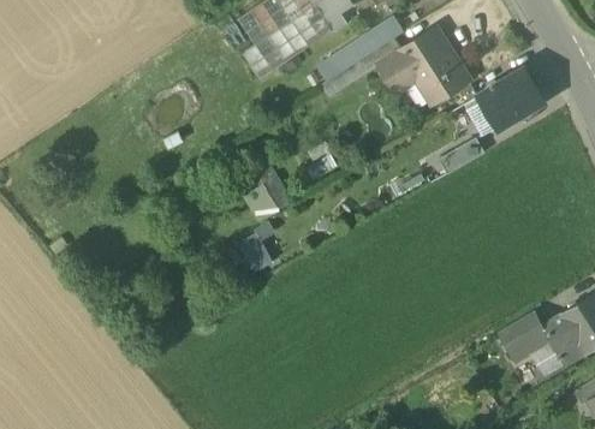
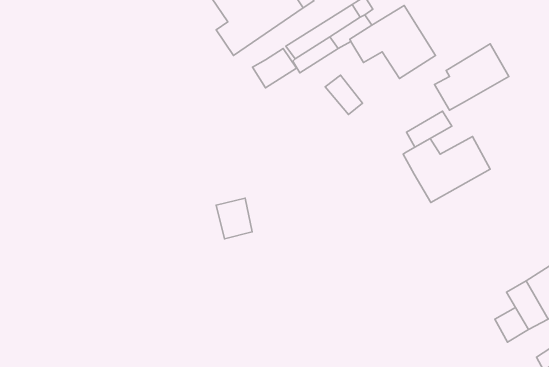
building: none -> [253,48,296,88]
building: none -> [403,136,490,202]
building: [242,171,293,221] -> none
building: [498,310,552,361] -> none

